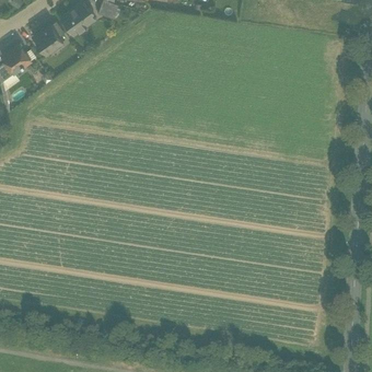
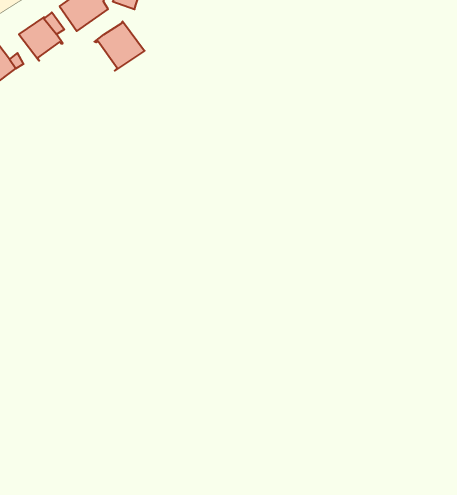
building: none -> [94,21,145,71]

